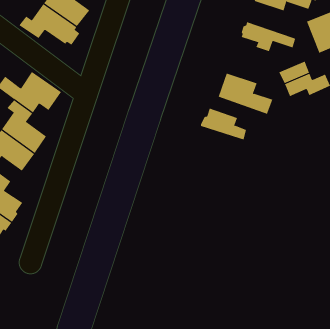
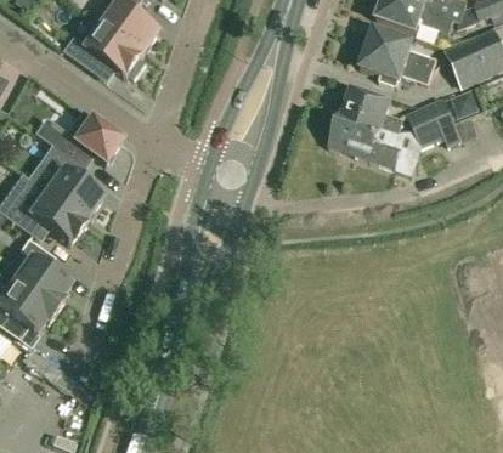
building: none -> [366,27,435,67]
building: [200,108,247,140] -> [339,89,401,131]

